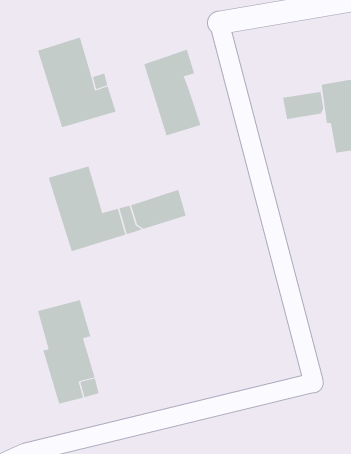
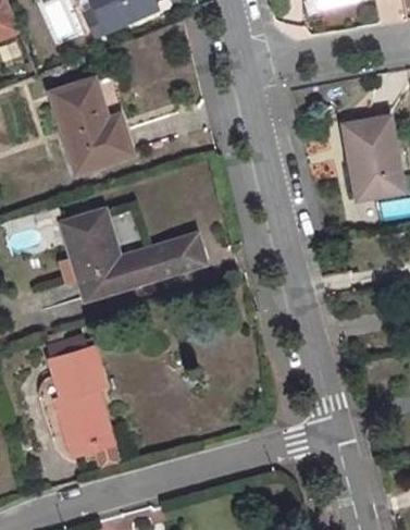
building: [144,49,201,136] -> none
building: [282,91,324,120] -> none

